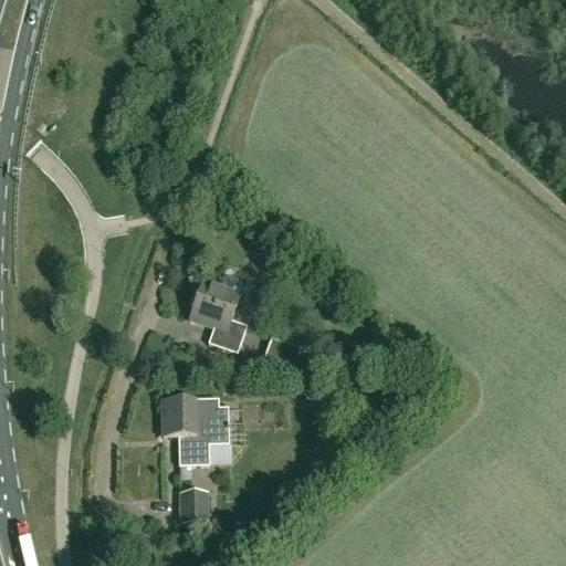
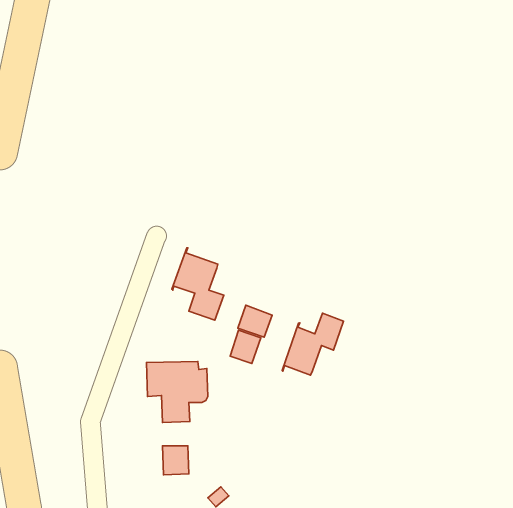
building: none -> [282,313,344,375]
building: none -> [230,330,261,364]

